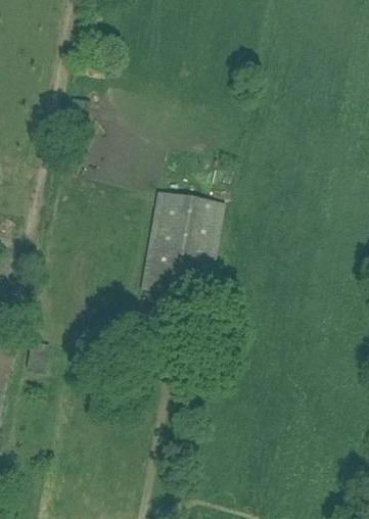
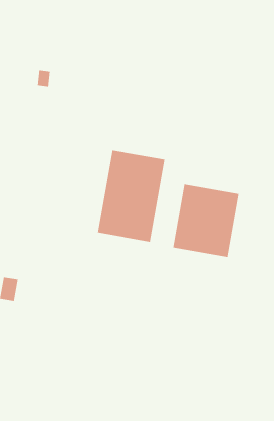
building: none -> [173,184,239,258]

